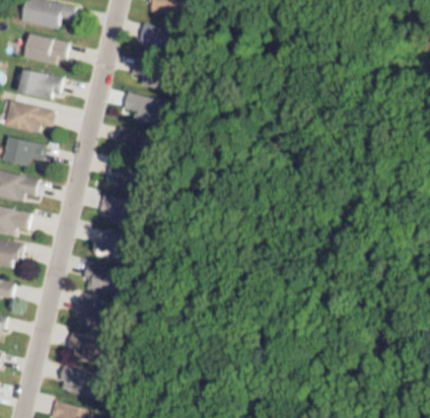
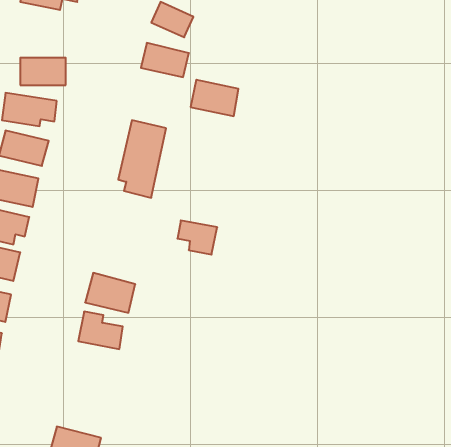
building: [22,32,66,62] -> none
building: [120,91,162,124] -> [191,80,238,116]
building: [97,195,133,225] -> [177,220,217,255]
building: [90,229,126,261] -> none
building: [64,333,102,362] -> none
building: [56,366,98,396] -> none

